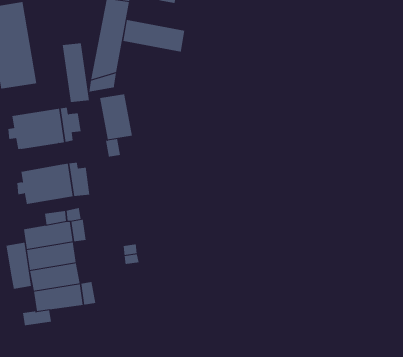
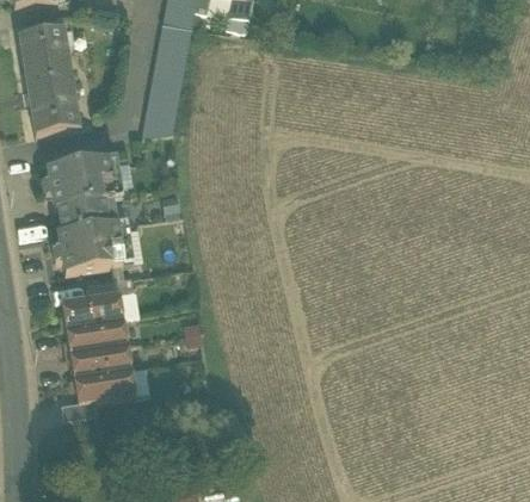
building: [123,19,185,53] -> none
building: [62,42,90,103] -> none
building: [99,93,132,140] -> none
building: none -> [58,197,109,230]
building: [6,242,32,290] -> none

